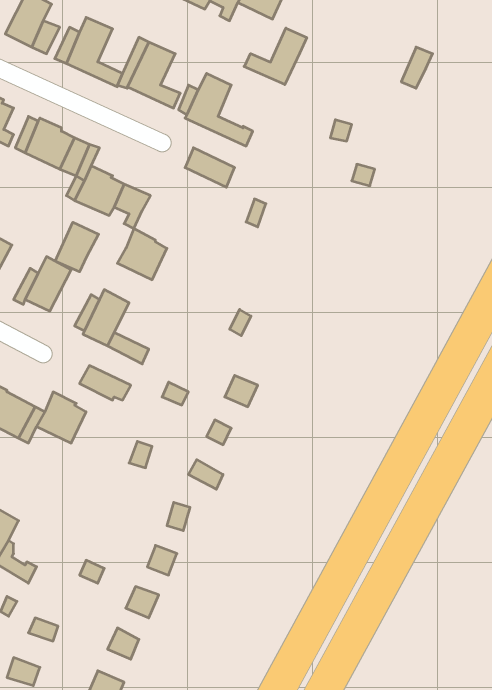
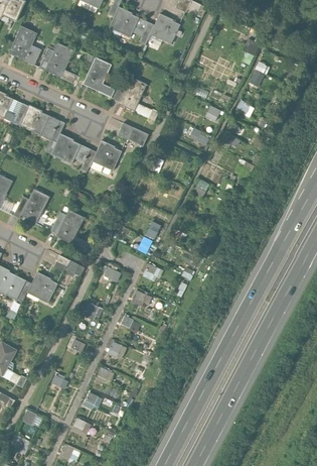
building: [244,28,307,85] -> none
building: [55,222,99,272] -> none
building: [117,229,167,280] -> [92,139,122,170]

